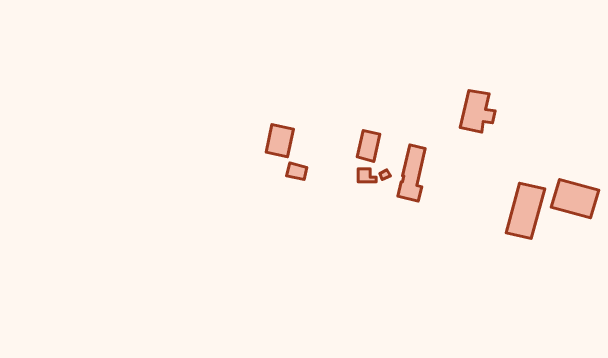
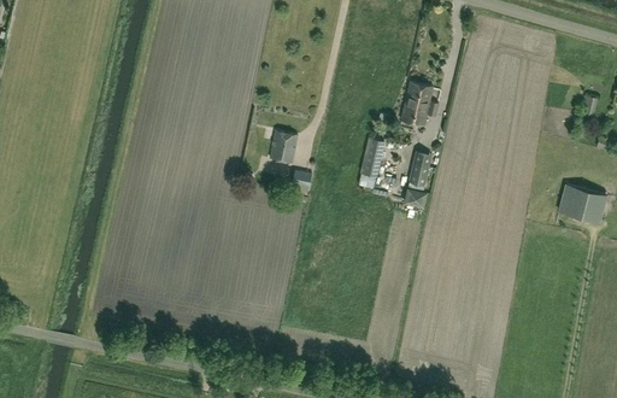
building: [460,90,495,132] -> [401,83,436,125]
building: [506,183,545,238] -> none

